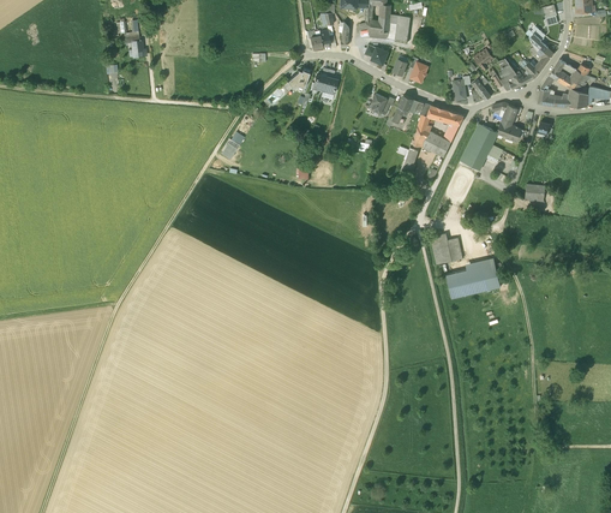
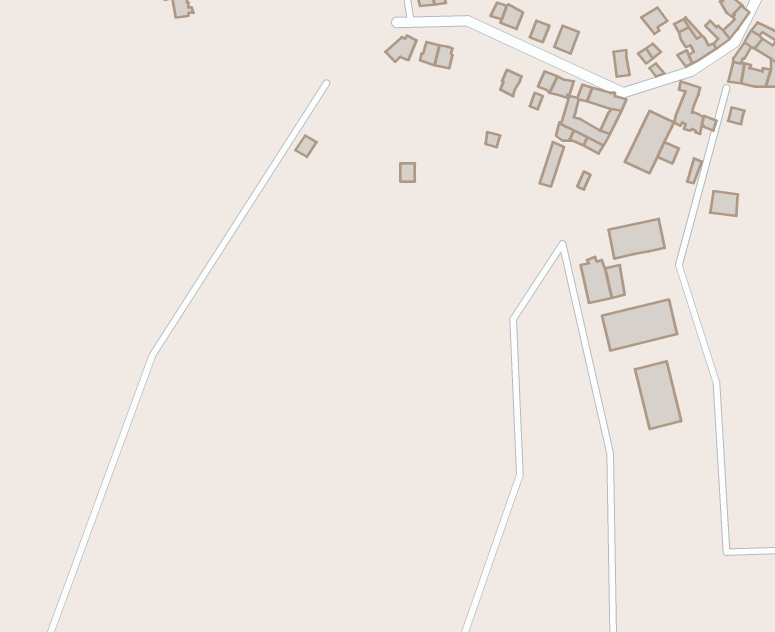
building: none -> [609,219,665,259]
building: none -> [635,361,681,429]

